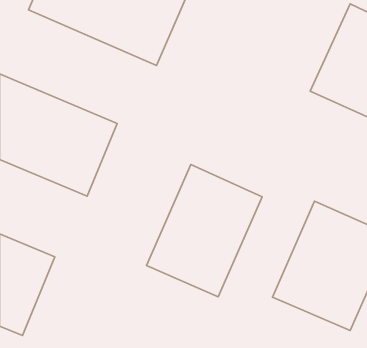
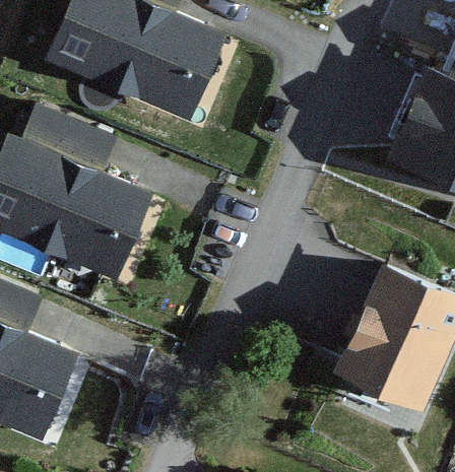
building: [146,165,262,297] -> none

